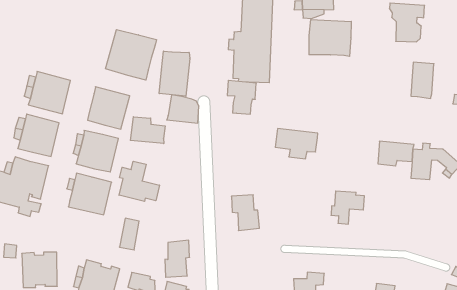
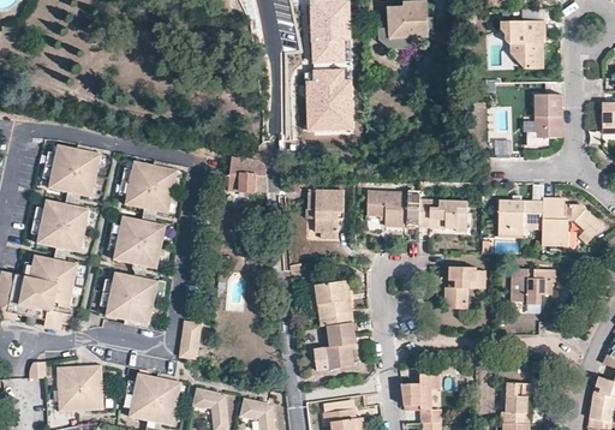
building: [309,20,351,56] -> none
building: [105,30,156,80] -> none
building: [159,51,190,96] -> none
building: [227,80,256,114] -> [306,191,342,232]
building: [130,117,165,144] -> none
building: none -> [418,201,466,231]
building: [119,161,159,201] -> none
building: none -> [510,267,555,303]
building: [165,240,190,277] -> [324,321,356,370]

